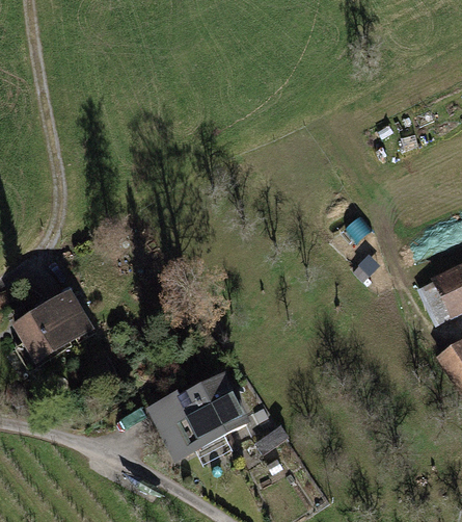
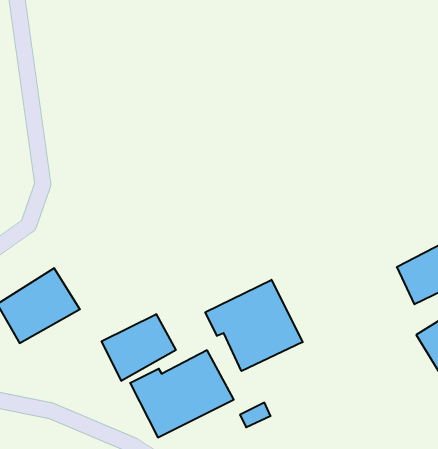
building: none -> [205,280,303,371]
building: none -> [102,314,176,381]

